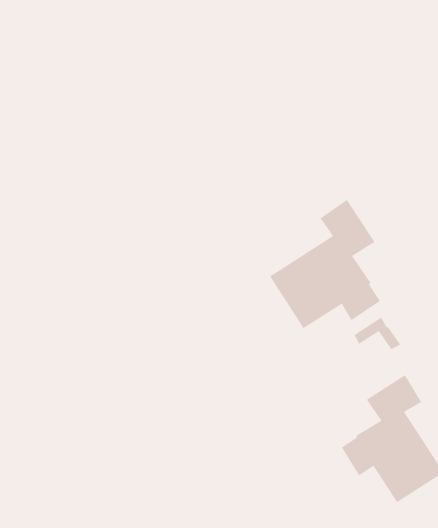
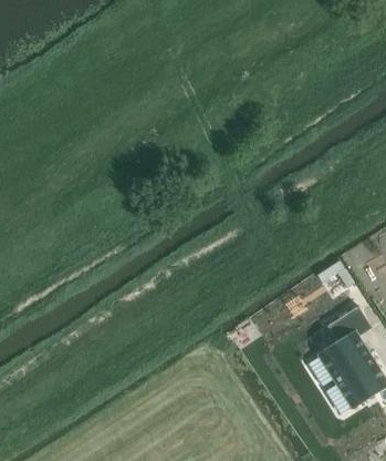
building: [269,199,381,329] -> none

